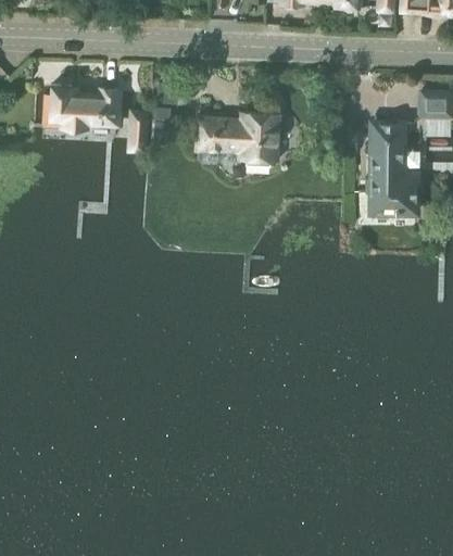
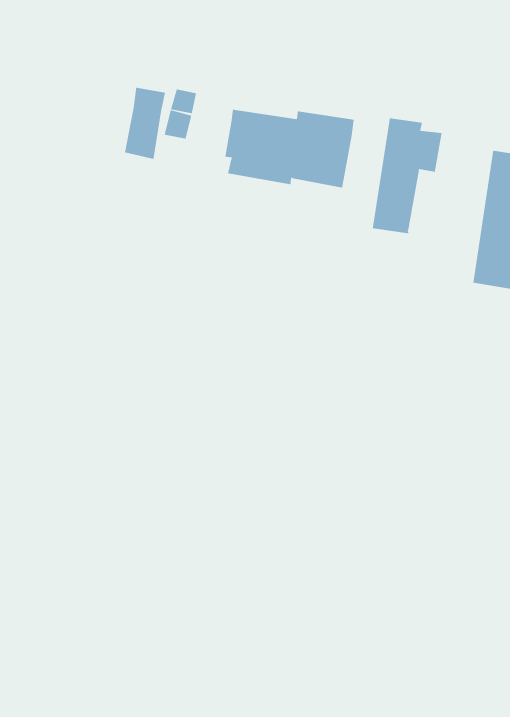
building: [45,83,119,127] -> none
building: none -> [372,118,442,234]

